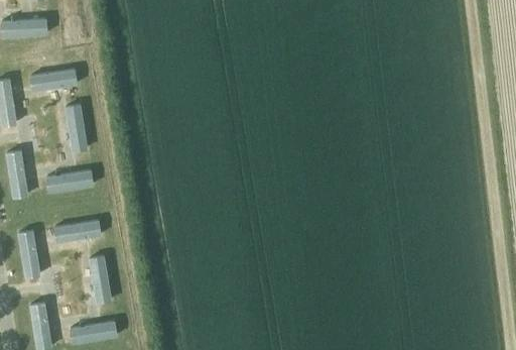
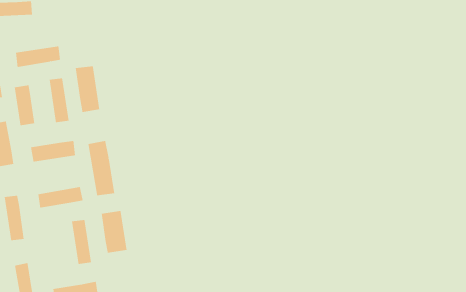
building: none -> [75,65,100,113]
building: none -> [14,85,35,126]
building: none -> [88,140,115,196]
building: none -> [101,210,127,253]

